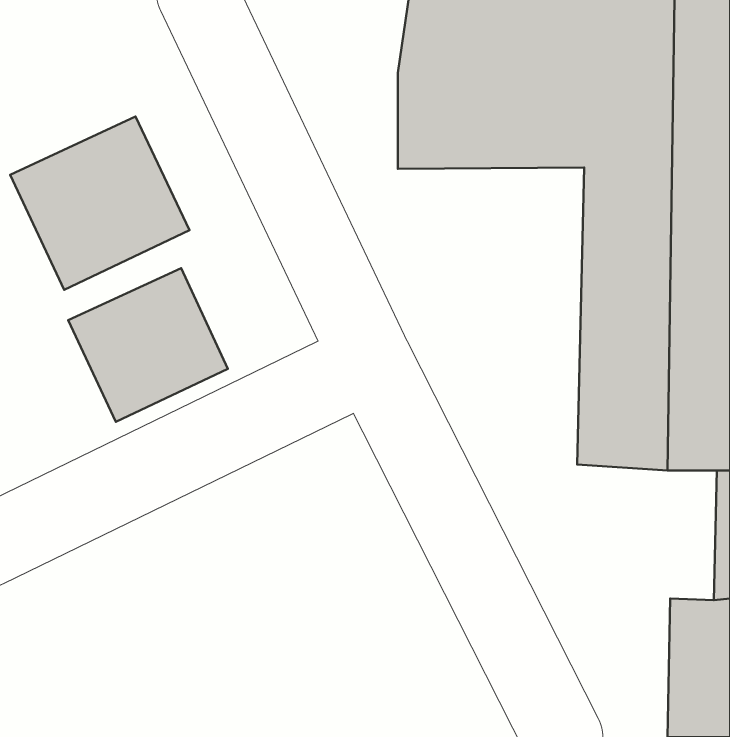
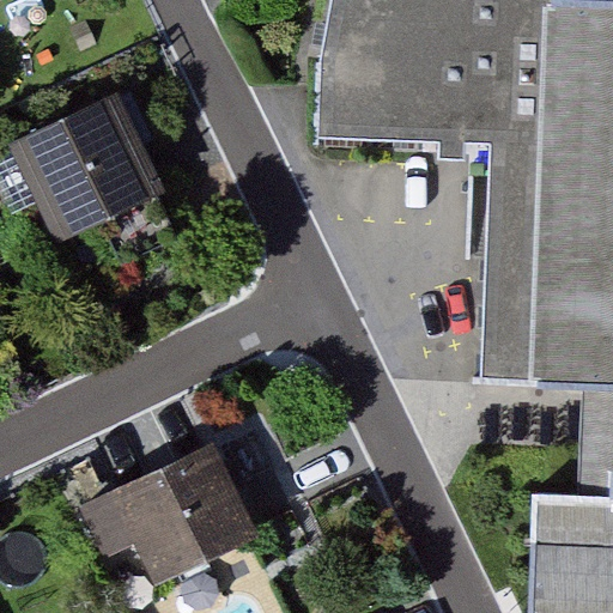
building: [68,268,228,422] -> none
building: none -> [90,442,263,599]

